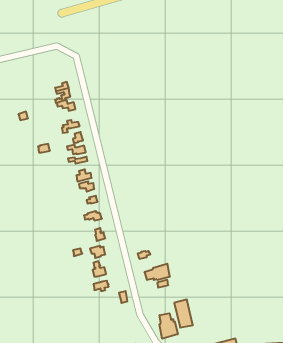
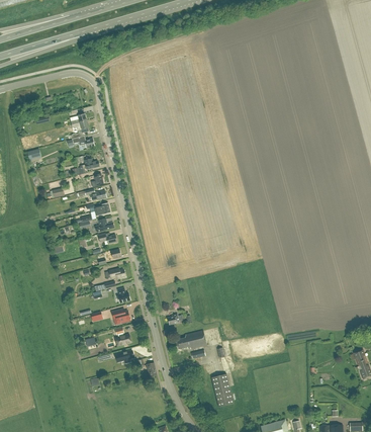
building: [159,313,178,339] -> none

